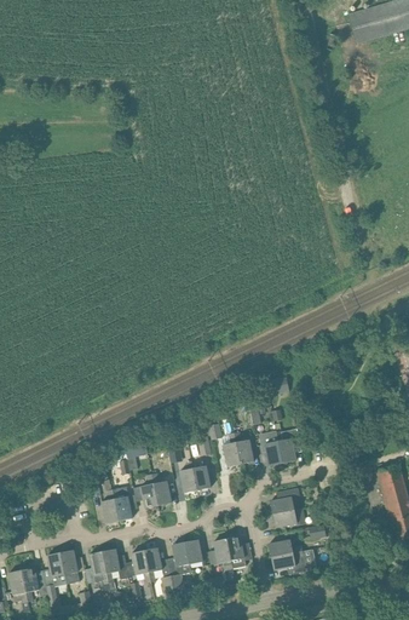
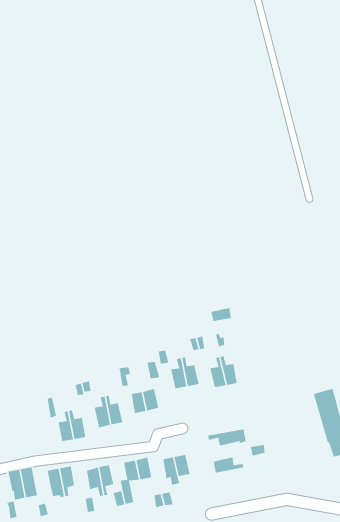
building: [263,488,303,516] -> none
building: [271,551,307,573] -> none

